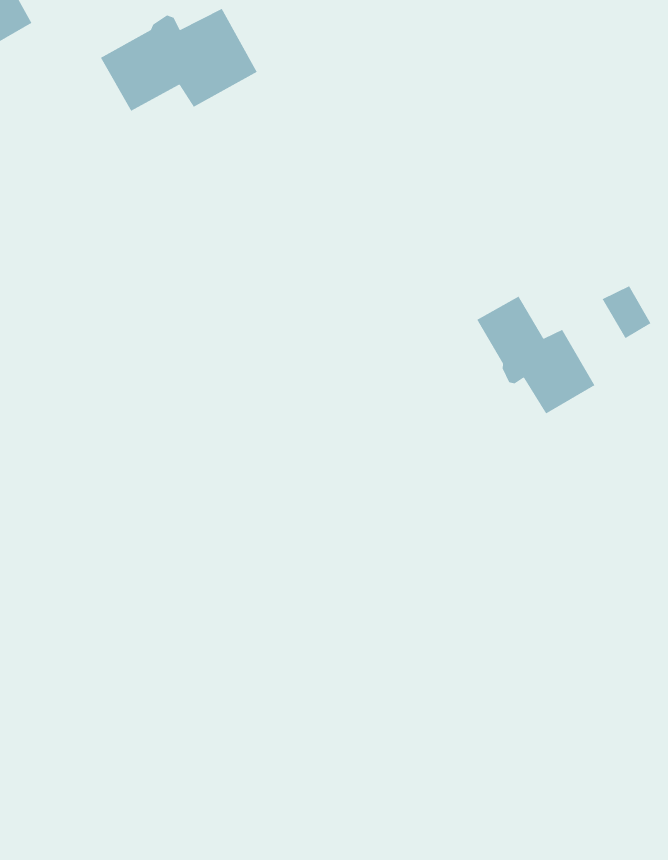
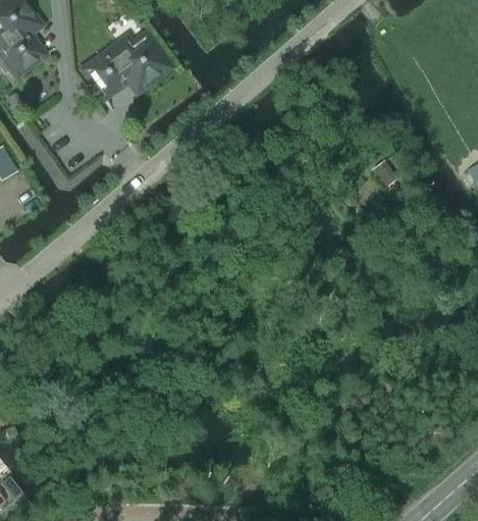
building: [476,296,595,414] -> none

